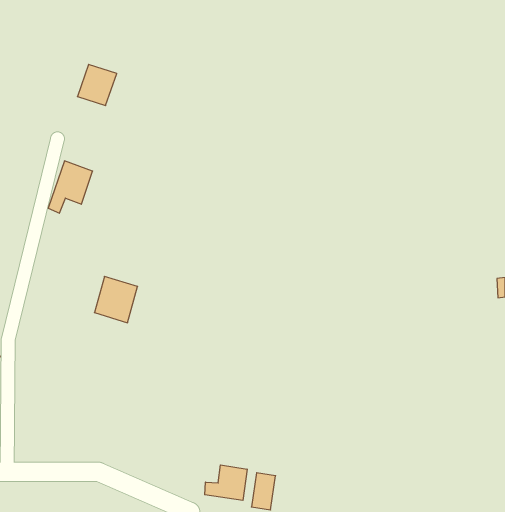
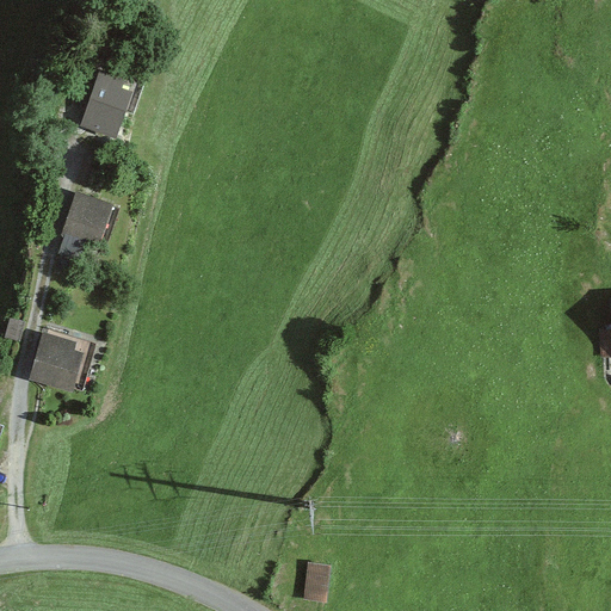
building: [94,276,138,323] -> [32,337,84,391]
building: [205,465,247,500] -> none

